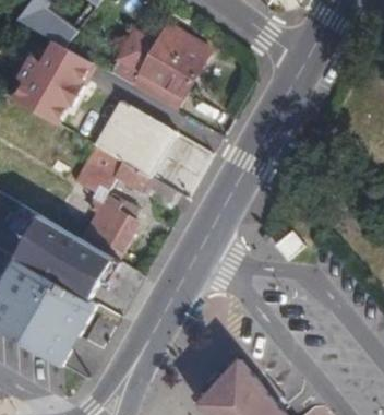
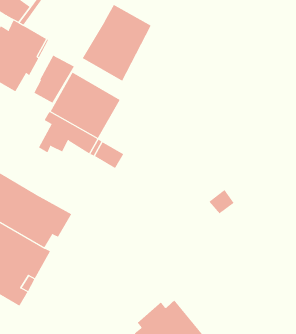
building: [109,29,156,84] -> [33,55,75,103]
building: [81,195,136,258] -> none

